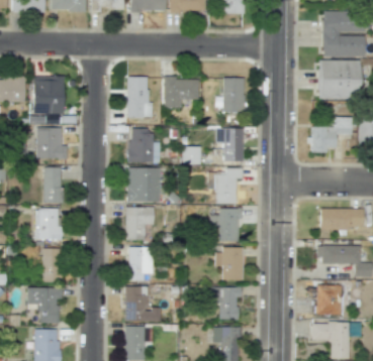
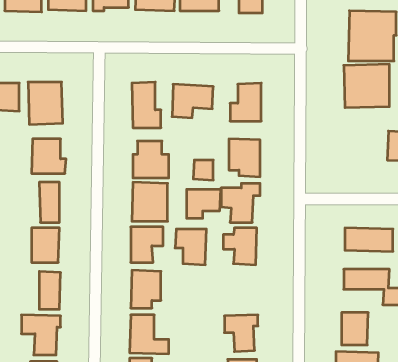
building: [310,117,353,151] -> none
building: none -> [187,189,220,218]
building: [215,248,244,280] -> [175,229,206,265]

